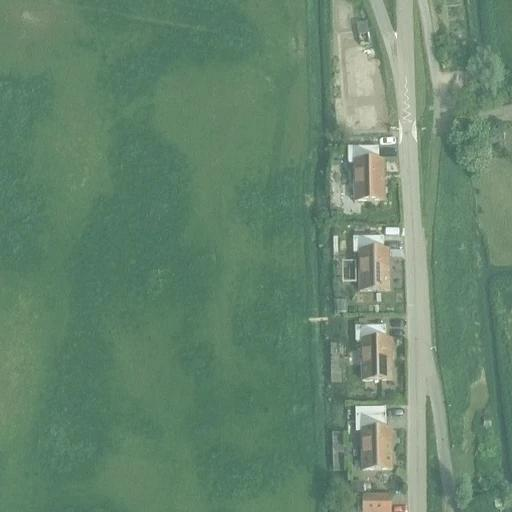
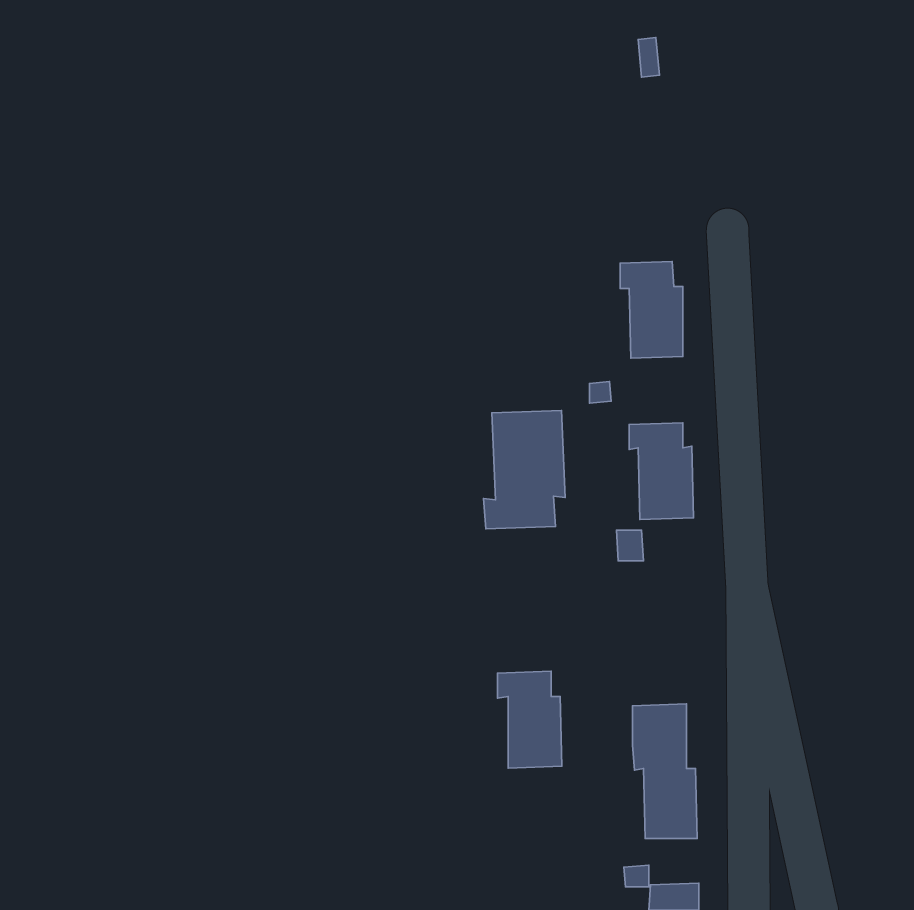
building: none -> [484,411,565,529]
building: [354,325,390,379] -> [497,671,562,768]

